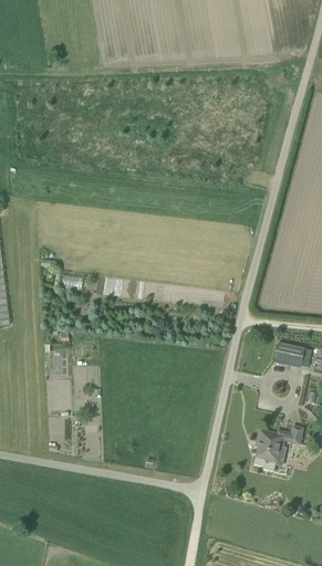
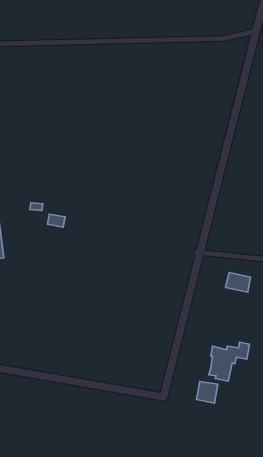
building: none -> [197,381,218,403]

